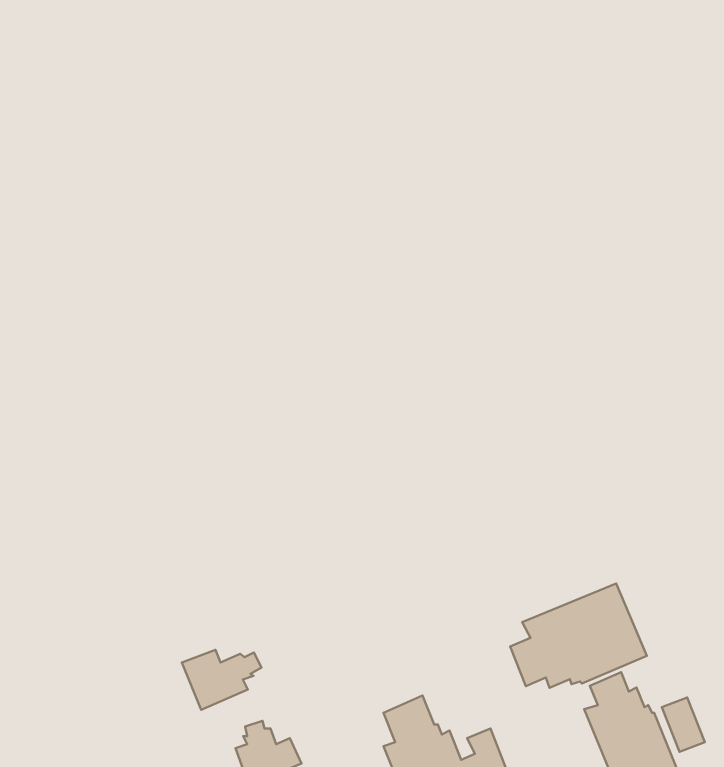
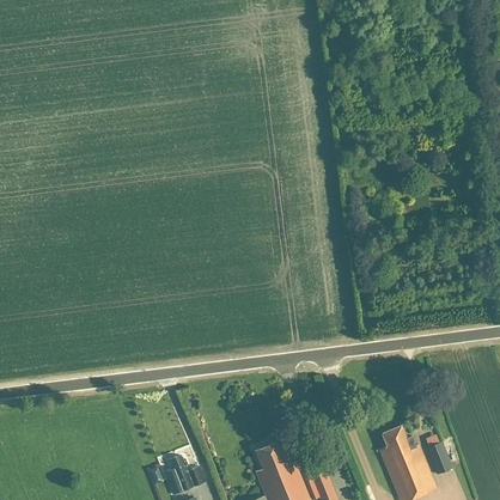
building: [510,583,647,688] -> none
building: [182,650,262,710] -> none

